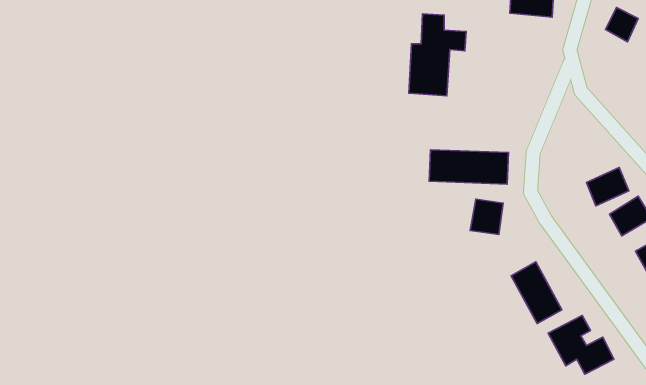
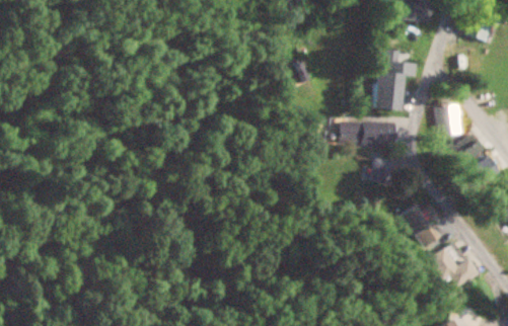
building: [409,14,466,96] -> [375,50,418,110]
building: none -> [438,104,463,135]

